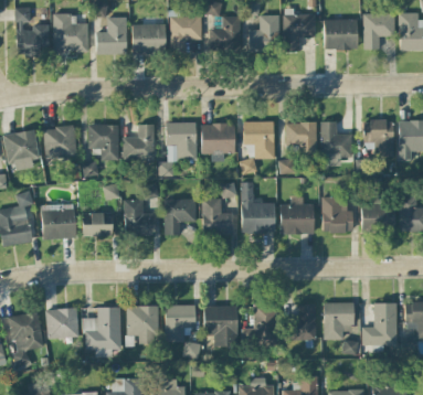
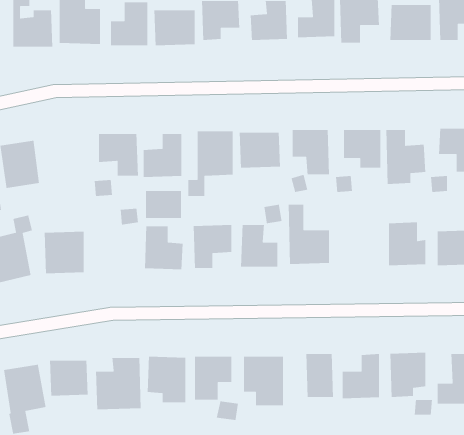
building: [44,127,76,158] -> none
building: [281,196,314,234] -> none
building: [83,213,113,236] -> [145,190,182,219]

